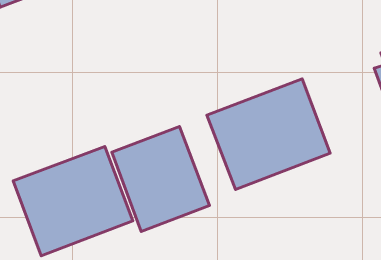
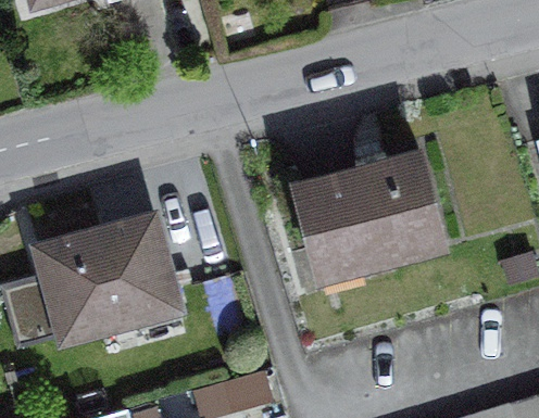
building: [112,127,209,231] -> none

